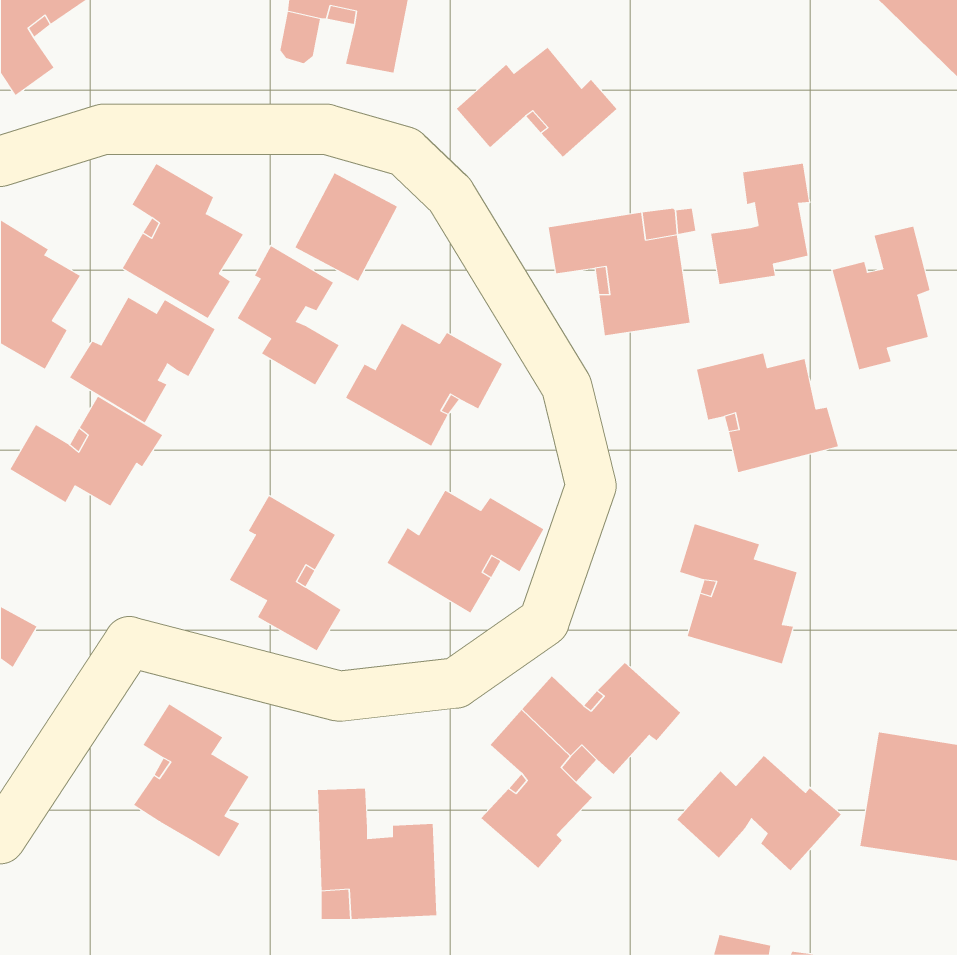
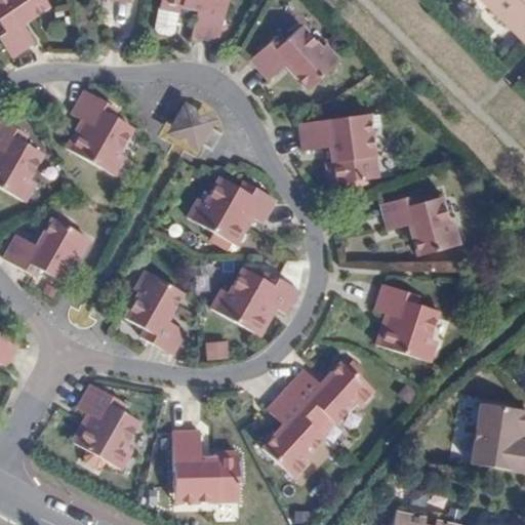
building: [711,163,810,285] -> none
building: [832,226,930,370] -> none
building: [237,245,340,385] -> none
building: [69,297,215,423] -> none
building: [676,755,842,871] -> none

